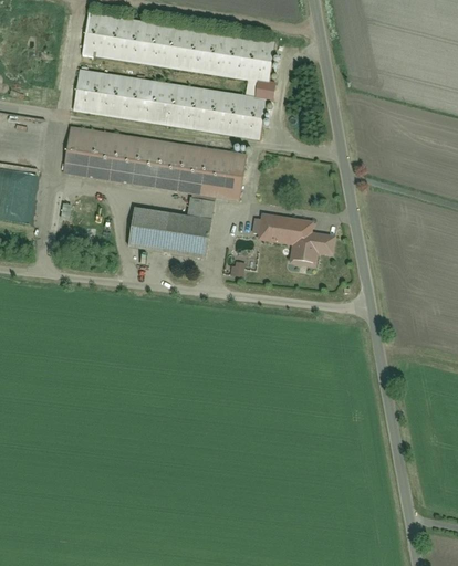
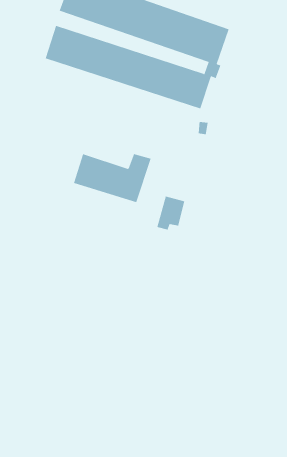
building: [62,129,248,197] -> none
building: [258,213,334,265] -> none

